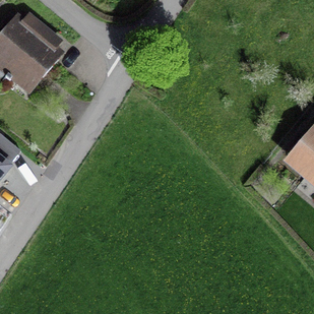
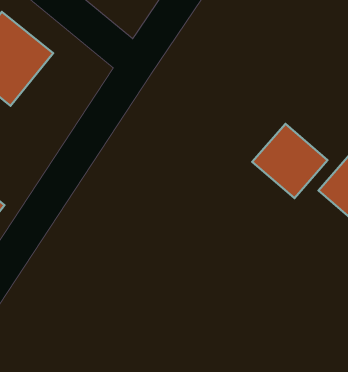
building: none -> [252,124,327,198]

